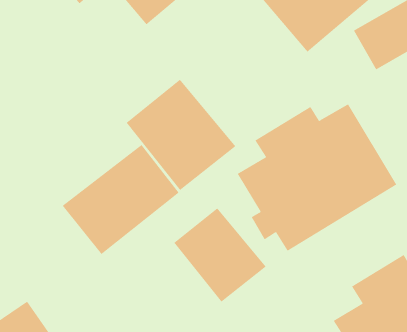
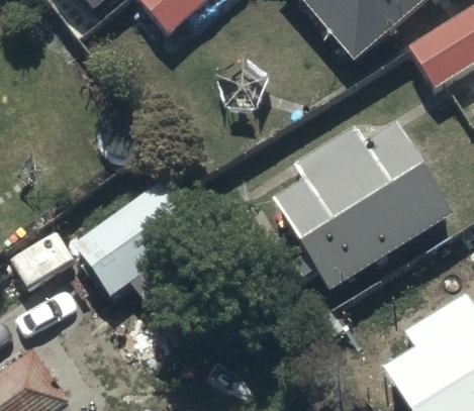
building: [126,79,236,191] -> none
building: [174,207,266,302] -> none

